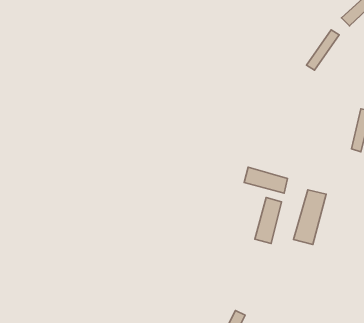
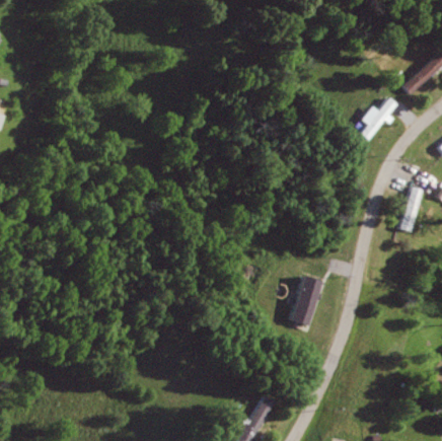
building: [244,167,287,193] -> none
building: [293,190,326,245] -> none

